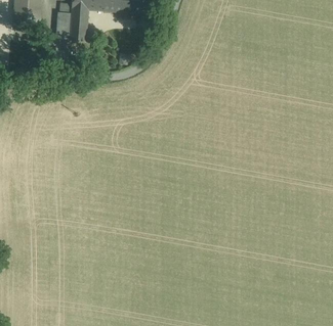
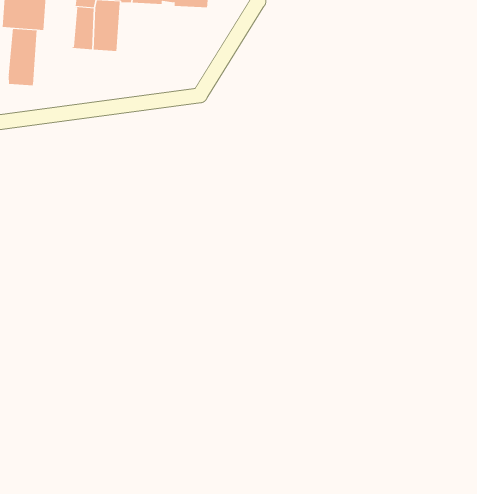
building: none -> [8,28,37,86]

